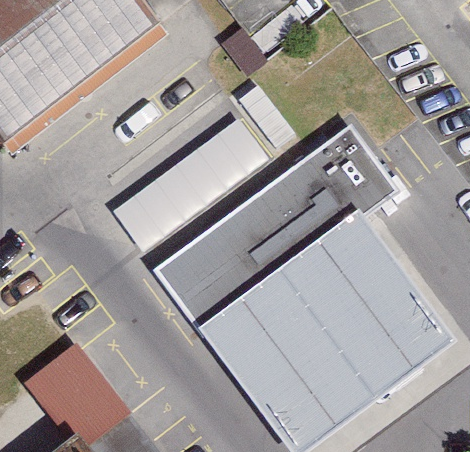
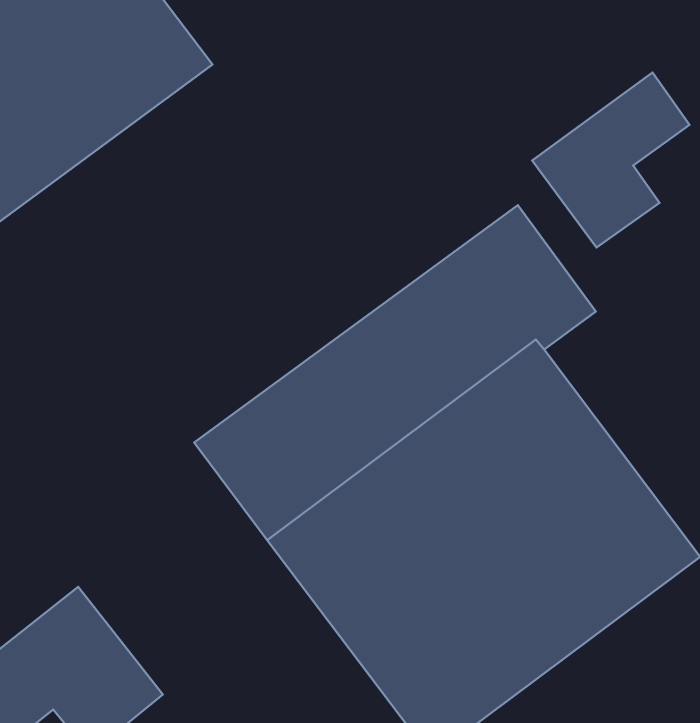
building: none -> [532,73,689,247]
building: [110,117,268,246] -> none

